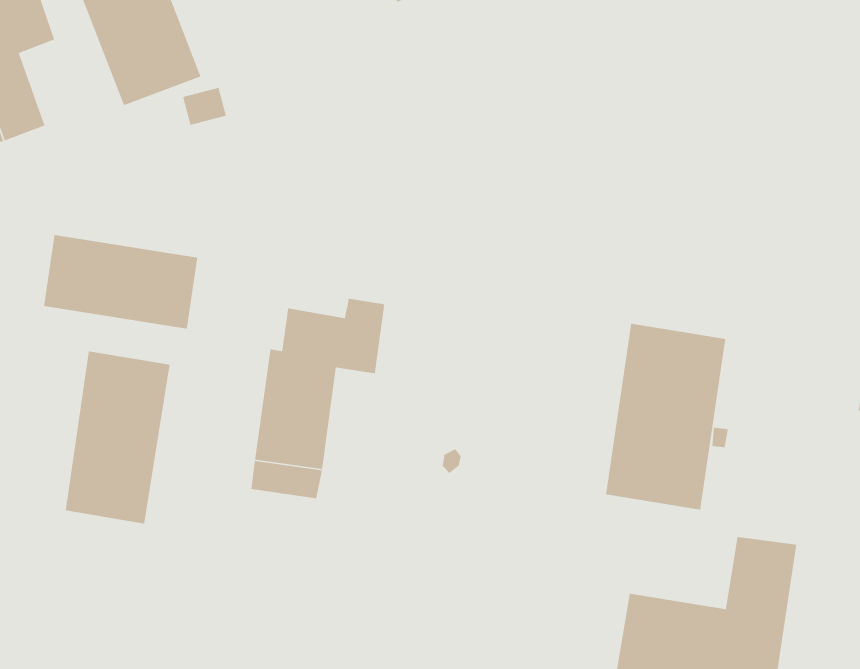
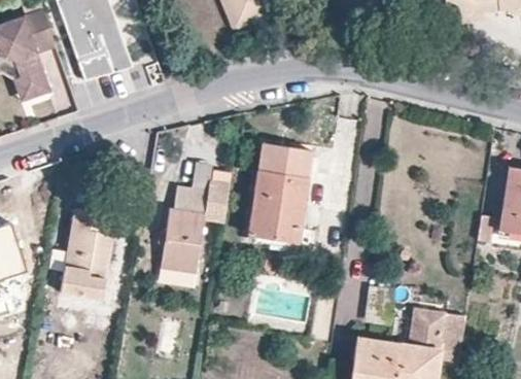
building: [43,234,198,330] -> none
building: [605,323,726,511] -> [248,142,312,241]

